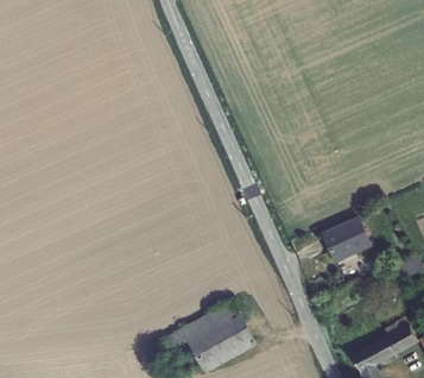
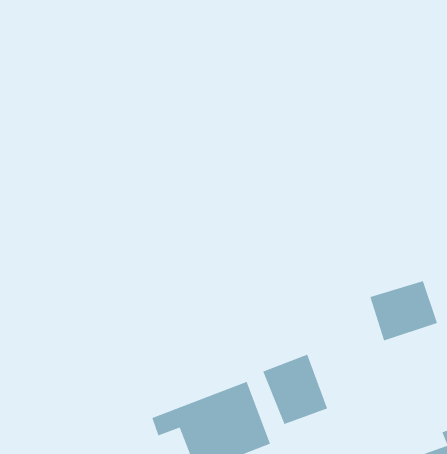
building: none -> [263,354,328,425]

